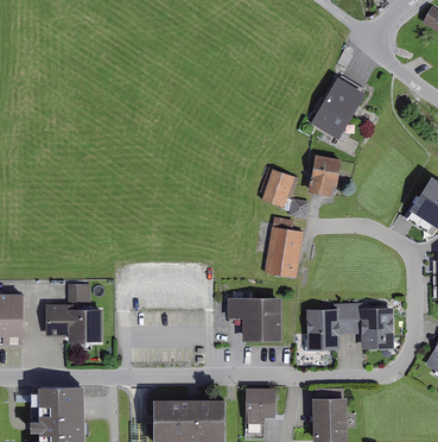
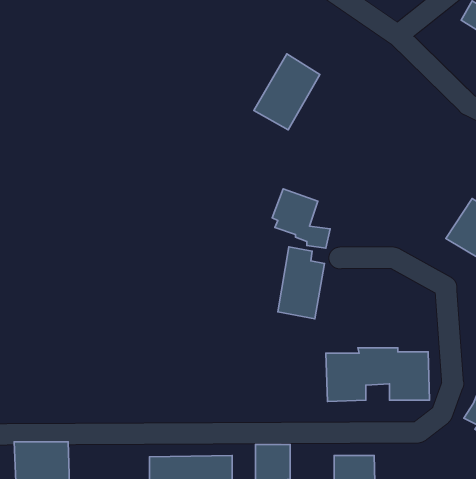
building: [309,76,366,141] -> [254,54,320,130]
building: [307,154,342,196] -> none
building: [45,285,103,342] -> none
building: [227,298,280,341] -> none

